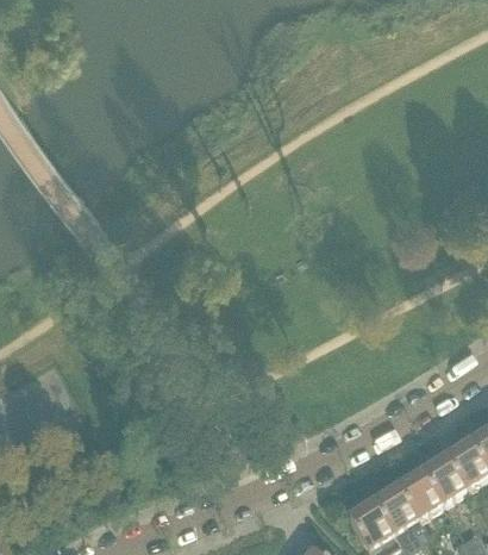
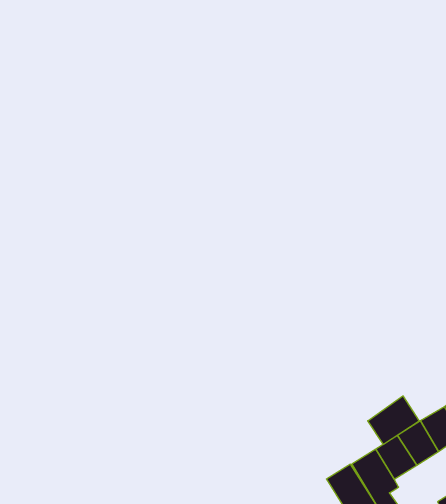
building: none -> [368,396,419,444]

